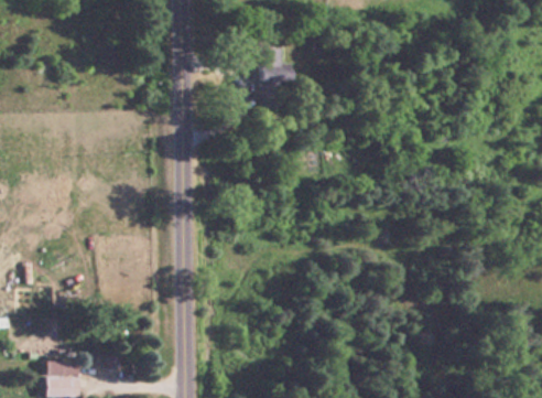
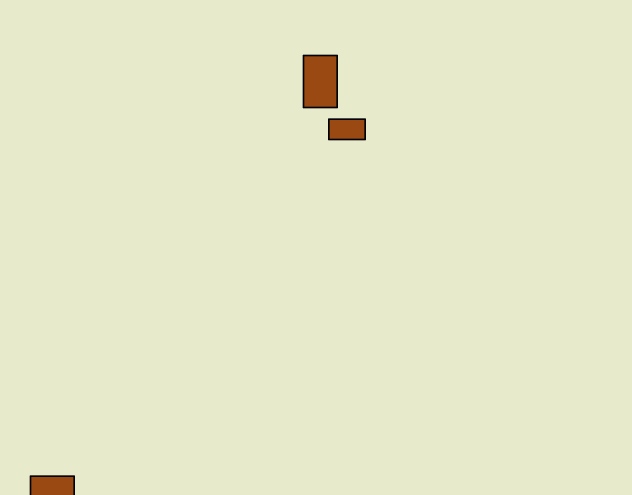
building: none -> [329,119,365,139]

